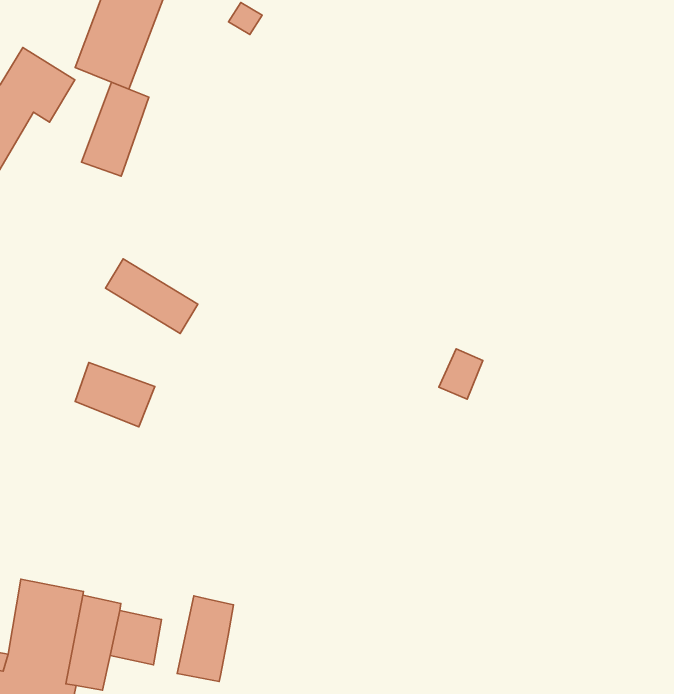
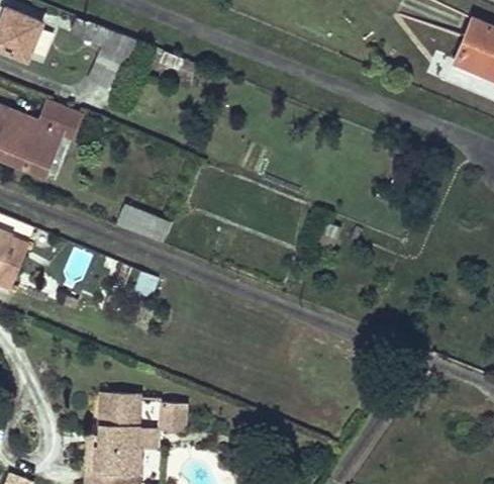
building: [81,82,149,176] -> none
building: [177,596,233,681] -> none

